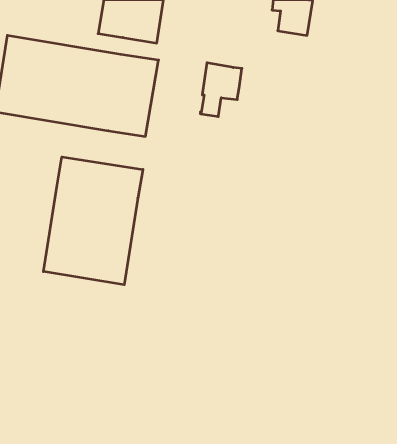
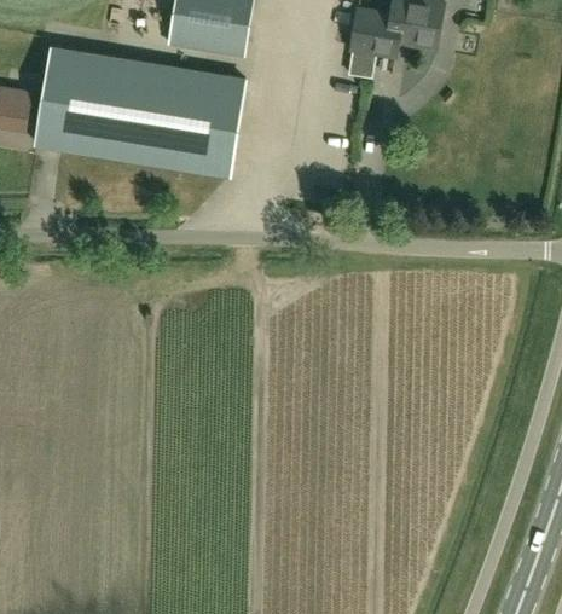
building: [200,63,242,117] -> [347,8,400,77]
building: [43,157,143,285] -> none

